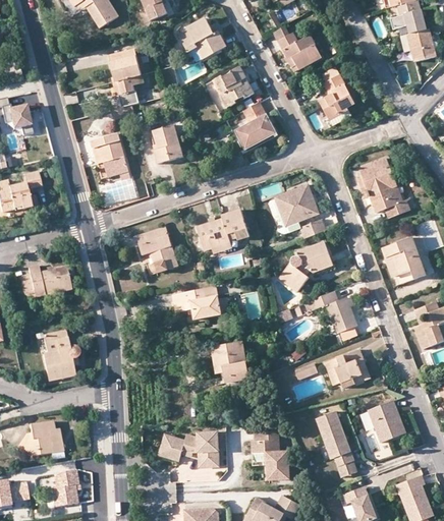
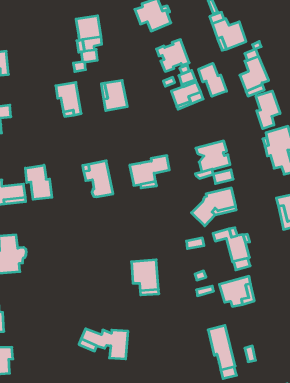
building: none -> [199,63,227,96]
building: none -> [256,91,280,129]
building: none -> [25,165,52,199]
building: [172,285,220,317] -> none
building: [367,400,404,442] -> none
building: [249,429,287,479] -> none

